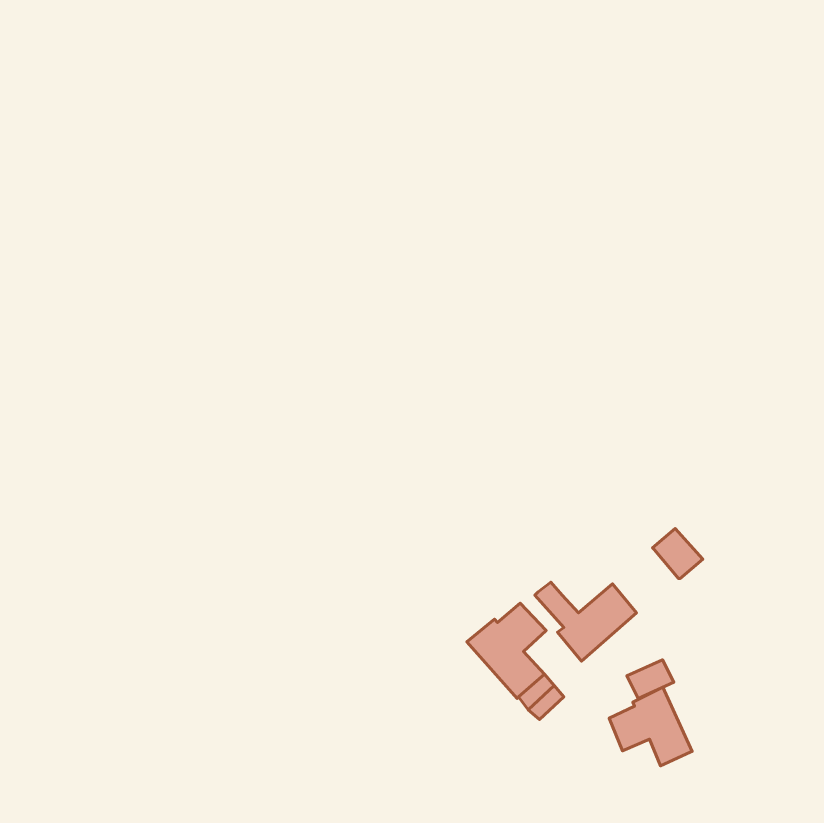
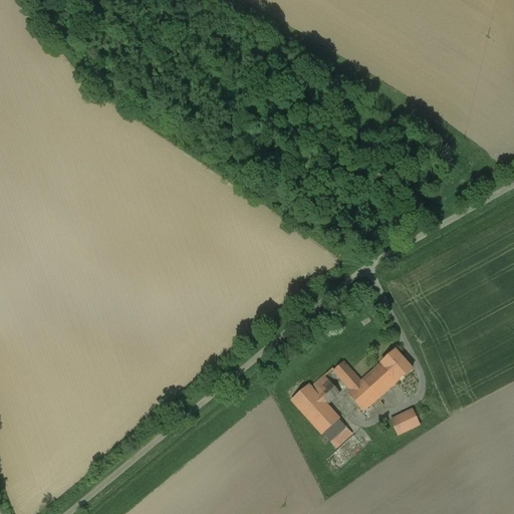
building: [653,528,703,579] -> [379,349,411,380]
building: [609,687,692,766] -> none

